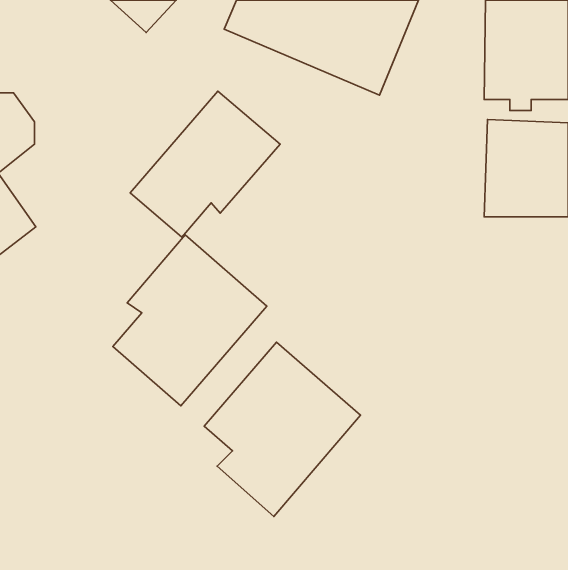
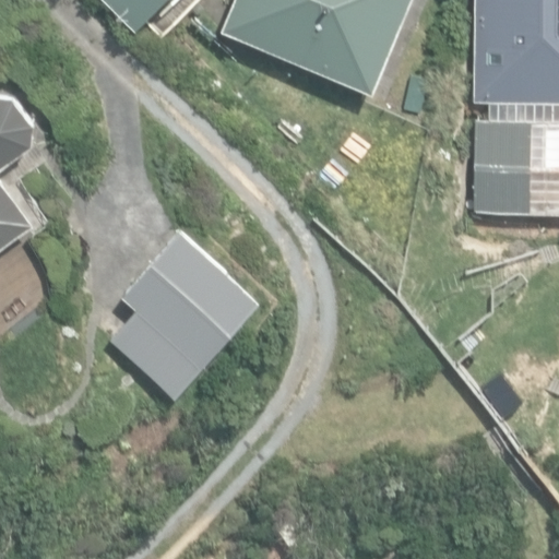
building: [130,91,280,237] -> none
building: [204,342,361,516] -> none

